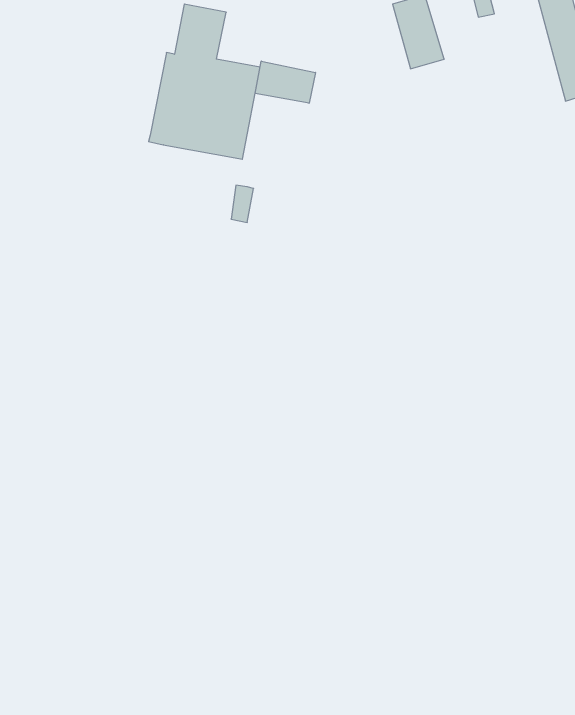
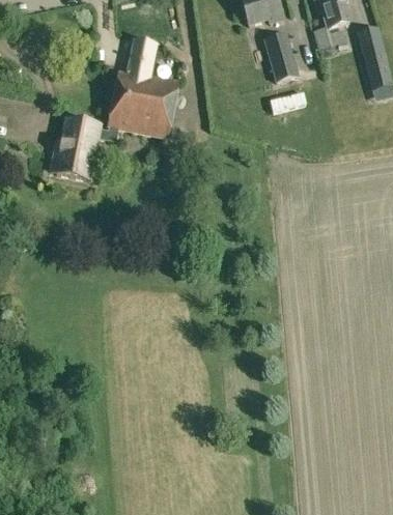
building: [255,61,315,103] -> none
building: none -> [54,114,117,179]

